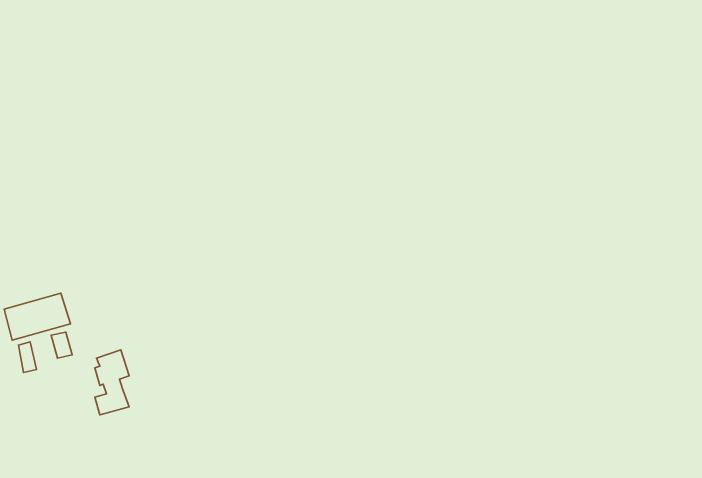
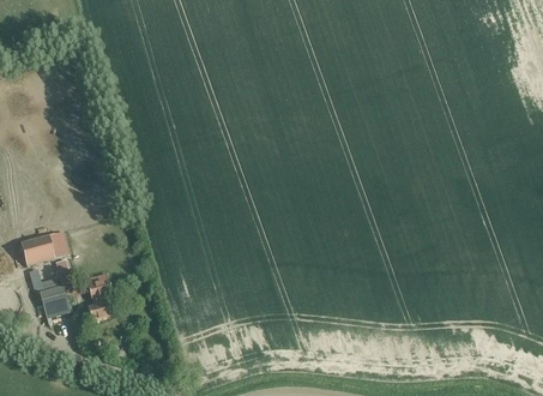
building: none -> [40,286,70,318]

